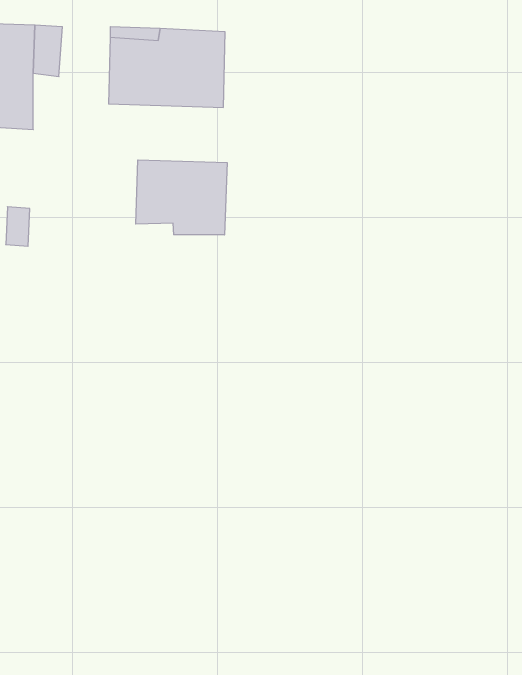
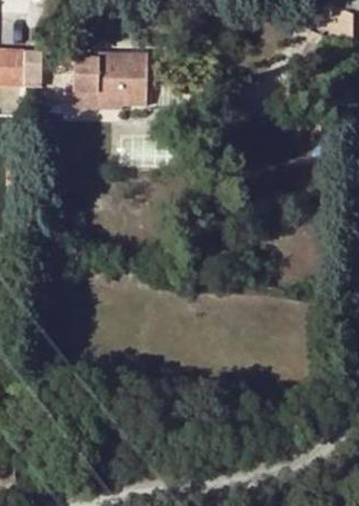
building: [136,160,227,235] -> none

